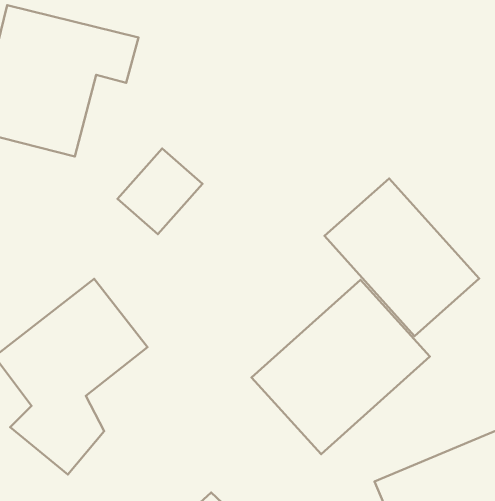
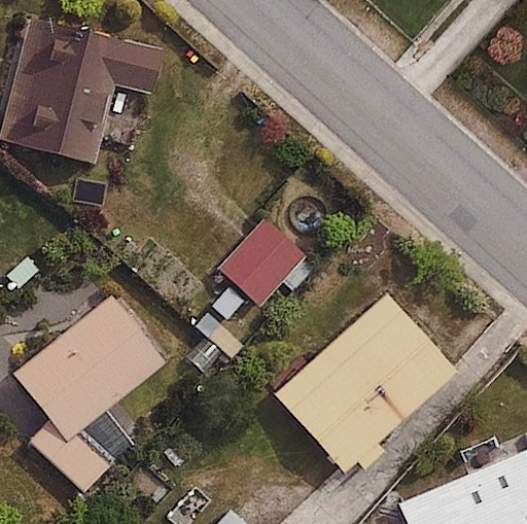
building: [118,149,202,234] -> [220,217,307,305]
building: [325,178,479,336] -> none

